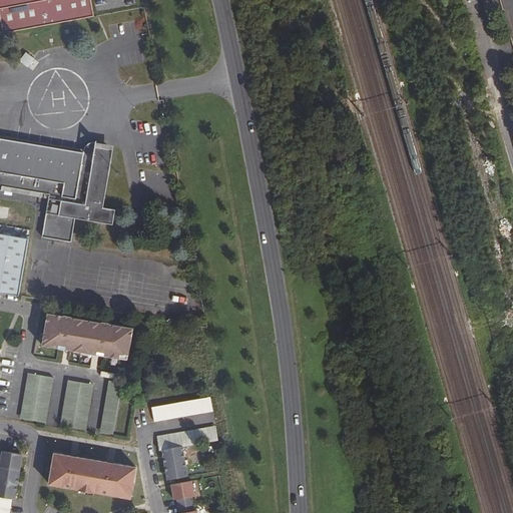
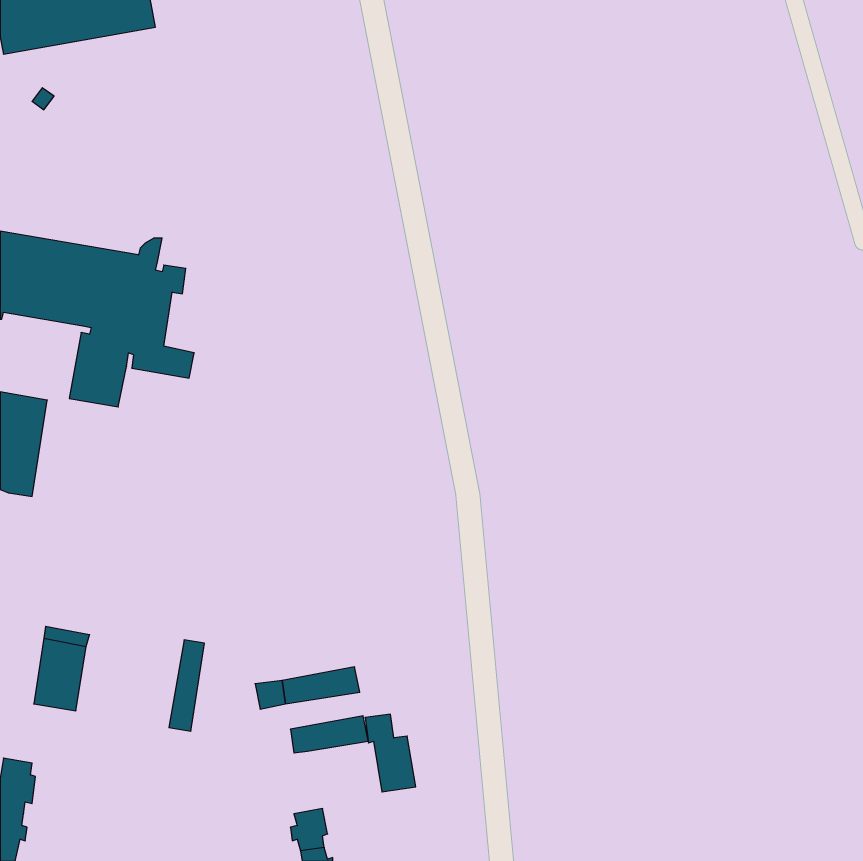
building: [42,313,132,358] -> none
building: [60,379,93,429] -> none
building: [157,433,187,479] -> [365,714,416,792]
building: [49,452,136,496] -> none

